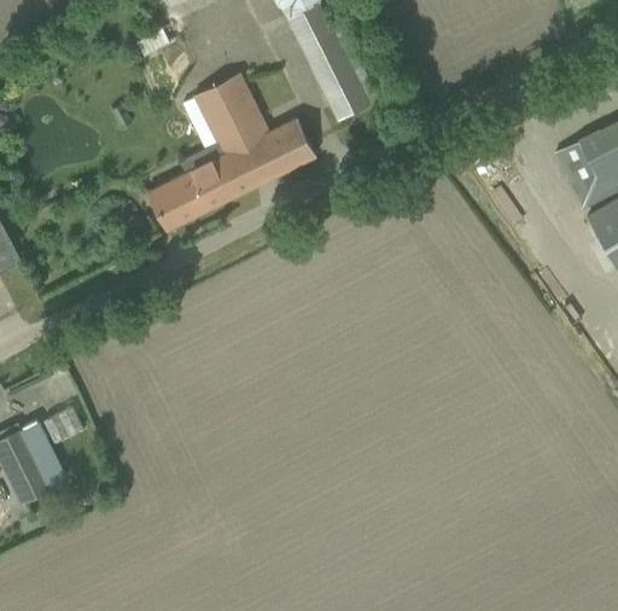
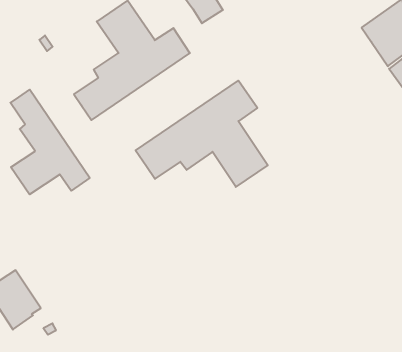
building: none -> [10,90,90,194]
building: none -> [136,81,268,187]

